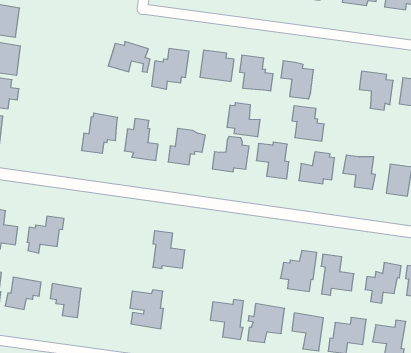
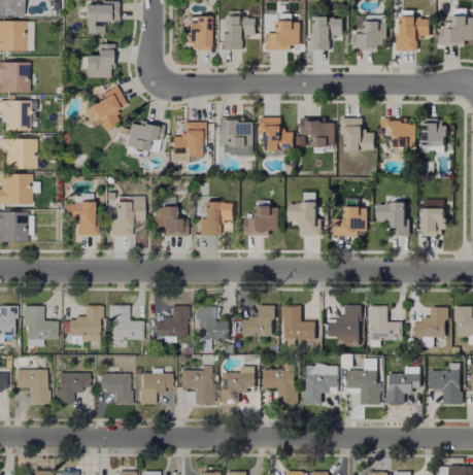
building: none -> [82,86,127,130]
building: [227,103,260,137] -> none
building: none -> [65,193,96,235]
building: [292,106,324,141] -> [340,118,373,150]
building: none -> [108,306,142,347]
building: none -> [155,305,188,343]
building: none -> [243,306,274,337]
building: none -> [280,306,312,348]
building: none -> [138,368,173,403]
building: none -> [221,367,255,404]

